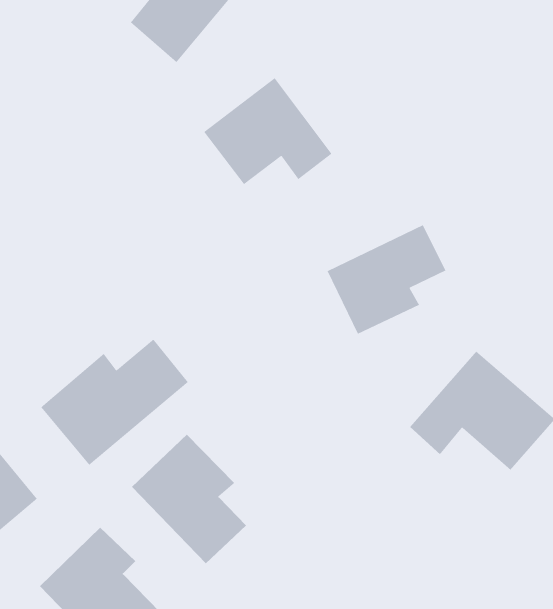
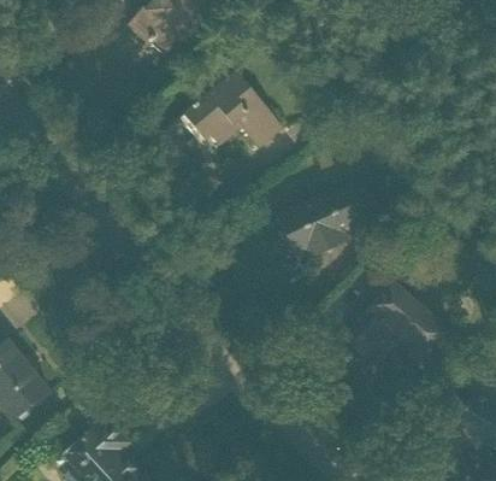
building: [40,338,189,466] -> none
building: [131,434,247,564] -> none

